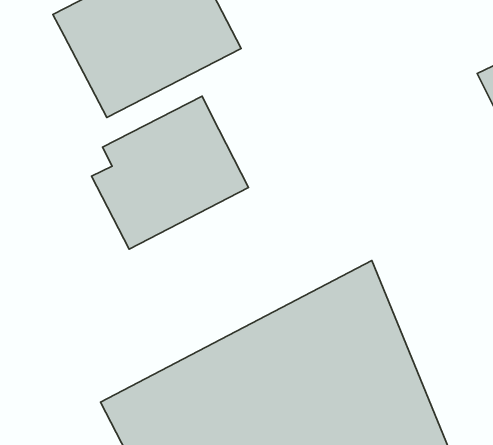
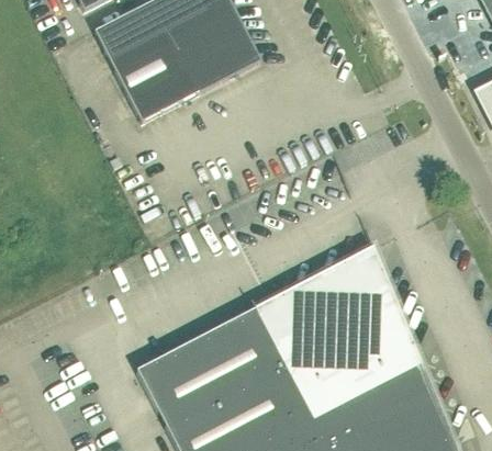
building: [91,96,248,249] -> none

